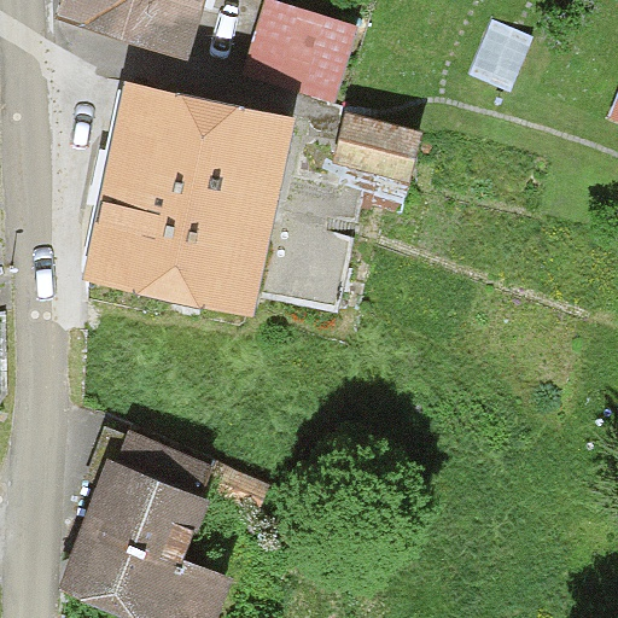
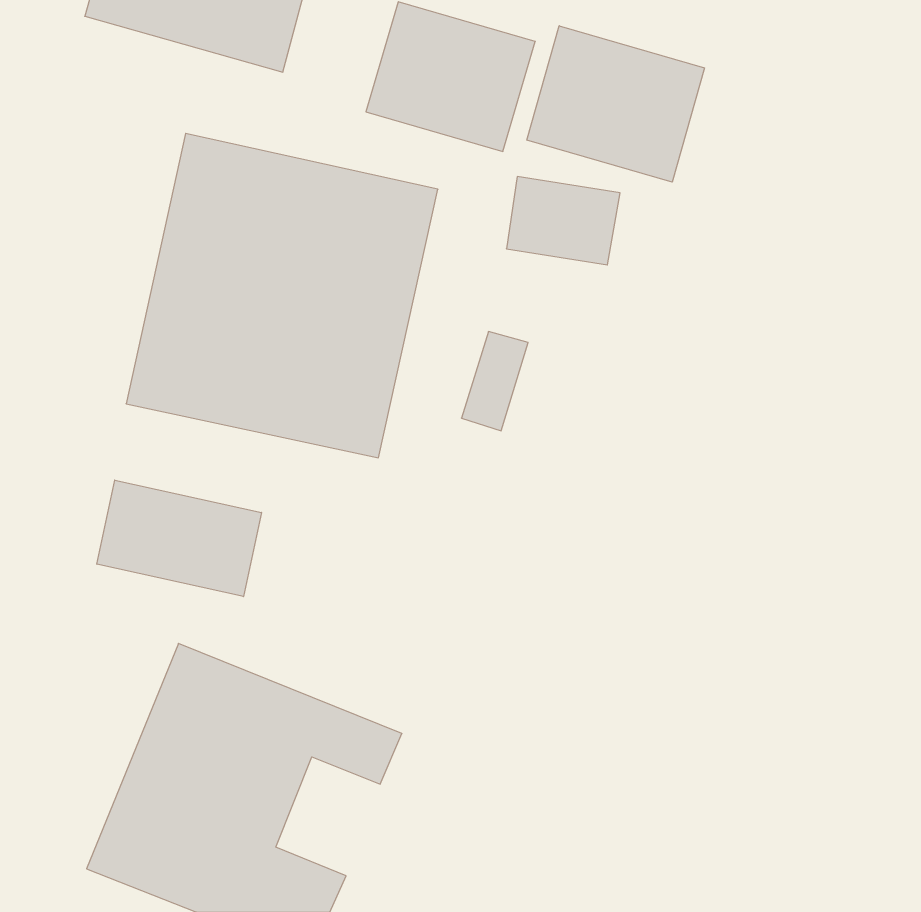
building: none -> [527,26,704,182]
building: none -> [97,480,261,597]

